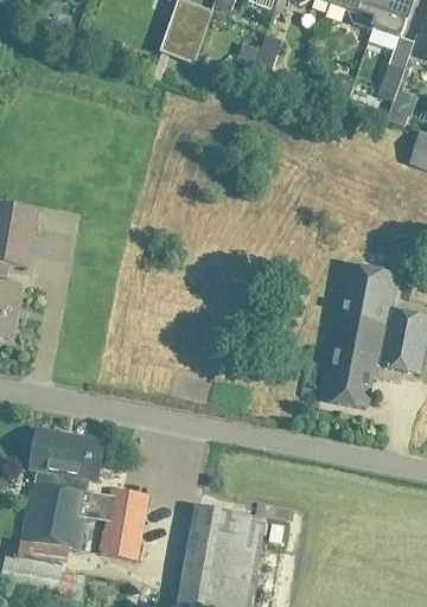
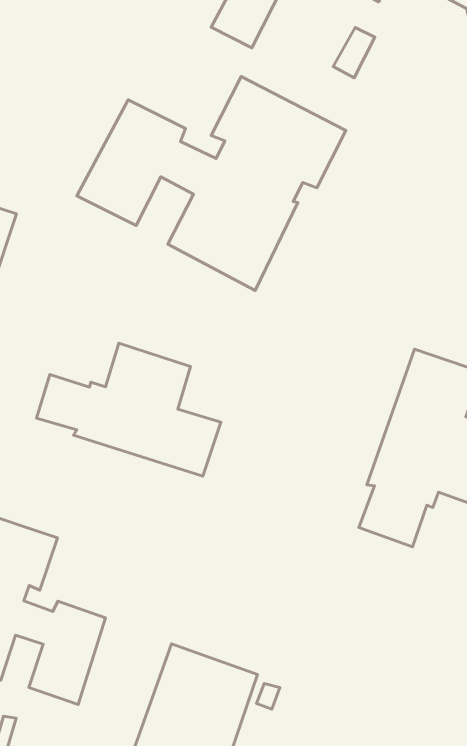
building: none -> [77,76,346,290]
building: none -> [36,343,221,476]

